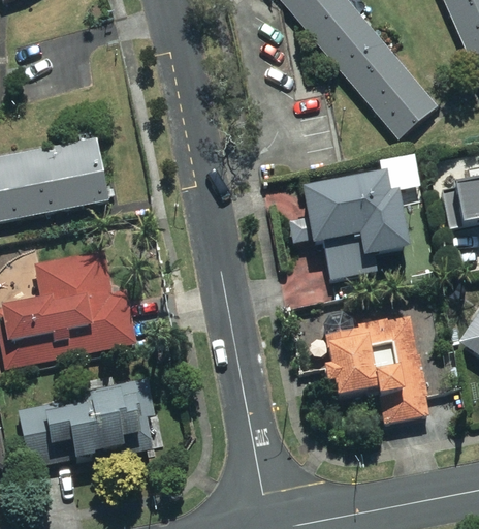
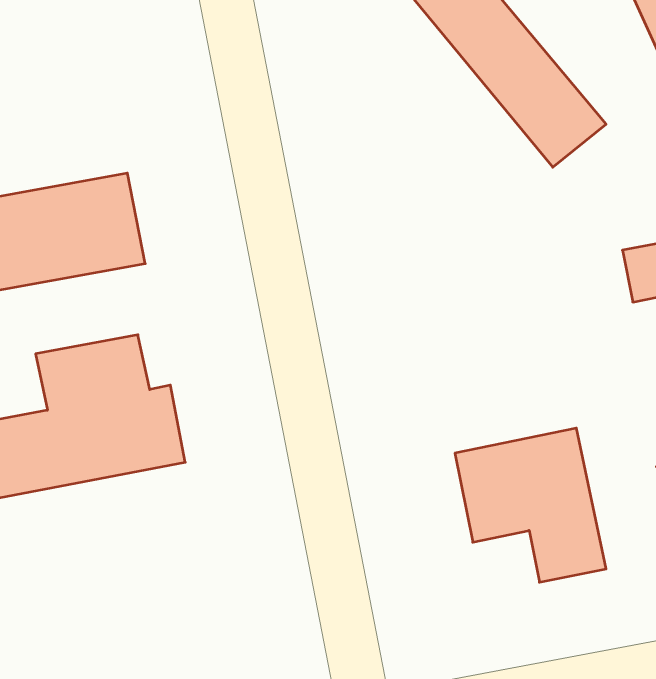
building: [304,170,412,279] -> none
building: [19,379,160,468] -> none

